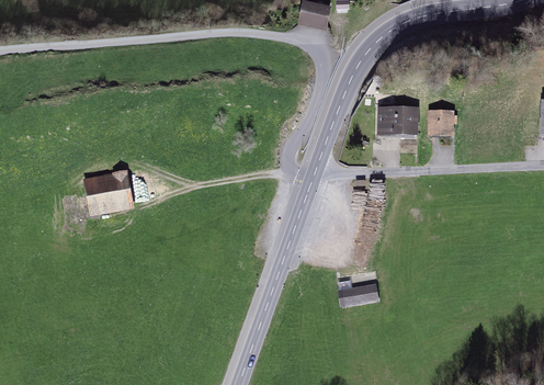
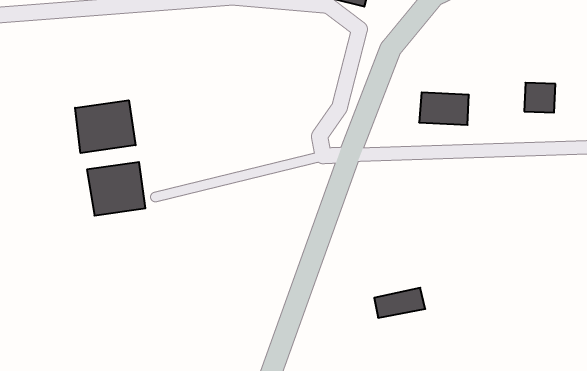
building: [429,109,456,135] -> [524,83,555,113]
building: none -> [75,100,136,153]

